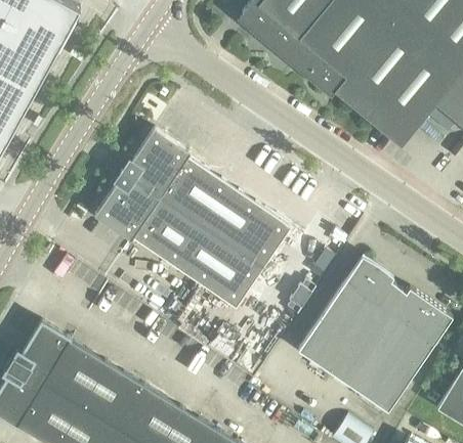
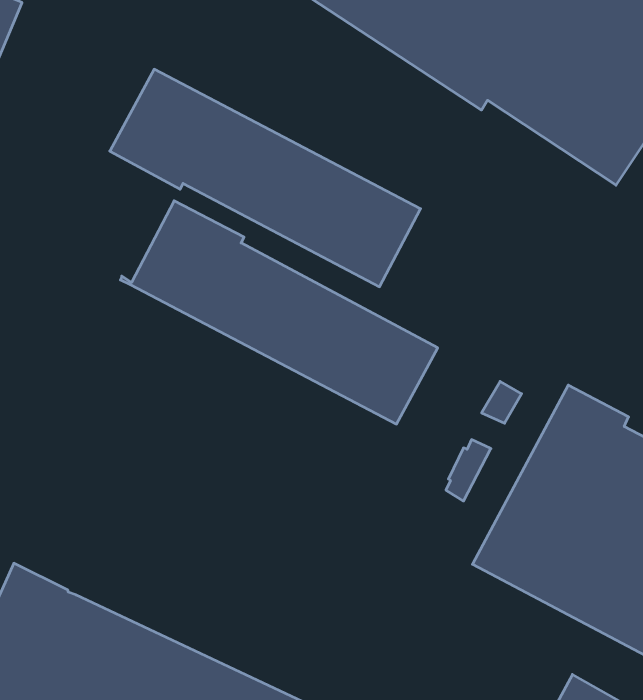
building: [94,173,264,308] -> [110,69,421,287]

